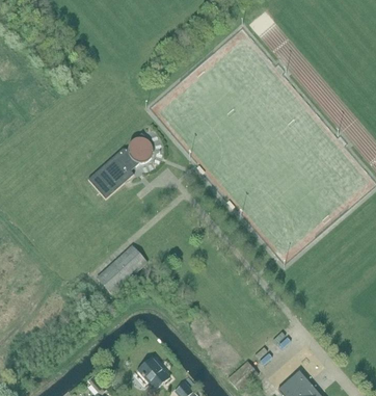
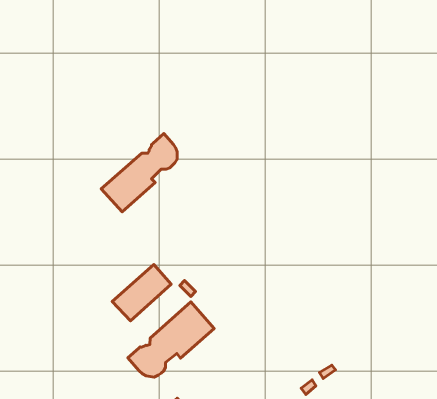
building: none -> [128,302,214,377]

